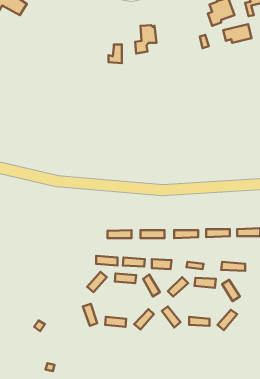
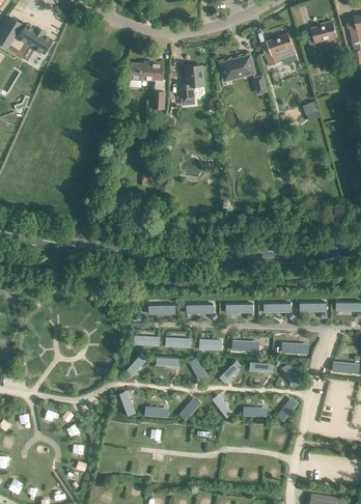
building: none -> [131,62,163,80]
building: [223,24,252,43] -> [221,56,254,78]

